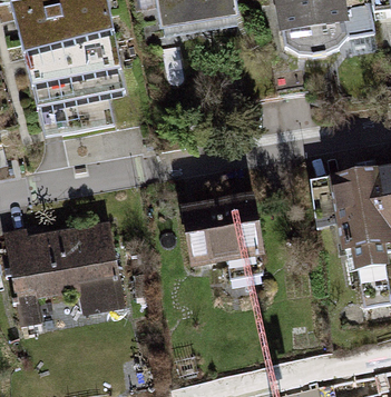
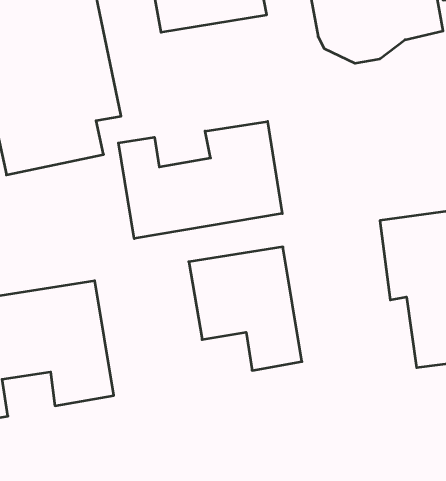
building: none -> [118,121,282,239]

